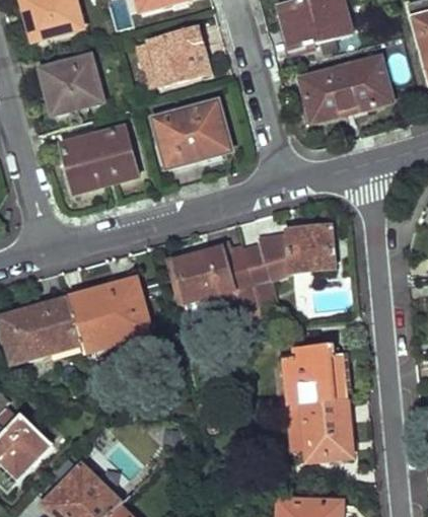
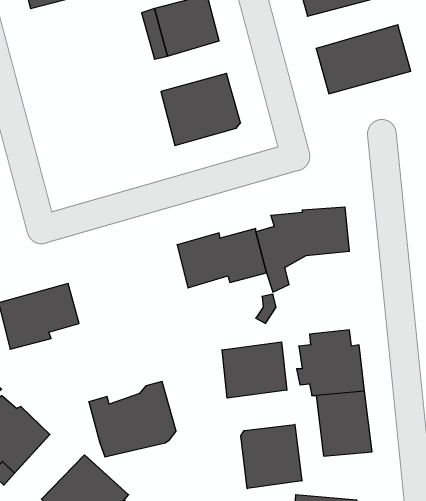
building: [42,57,101,114] -> none
building: [62,128,139,194] -> none
building: [68,280,150,351] -> [89,382,176,457]
building: none -> [222,342,287,398]
building: none -> [241,424,302,489]

